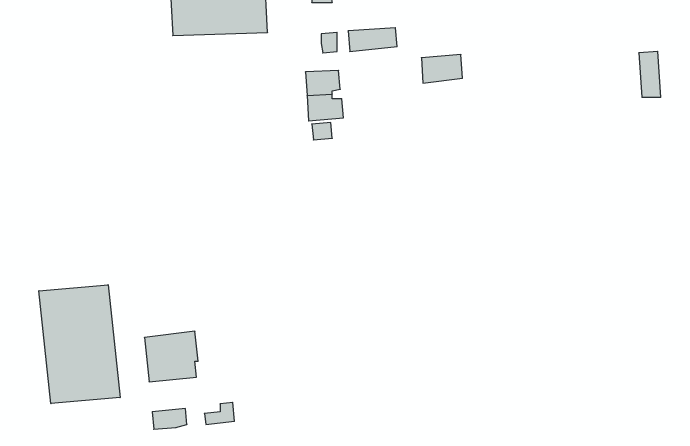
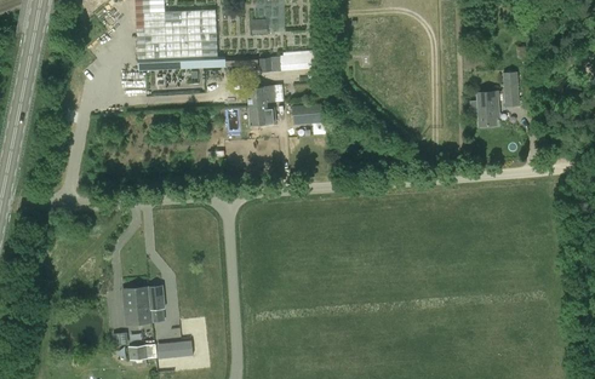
building: [421,55,462,83] -> [292,101,324,122]
building: none -> [477,92,499,125]
building: [39,285,120,404] -> none

